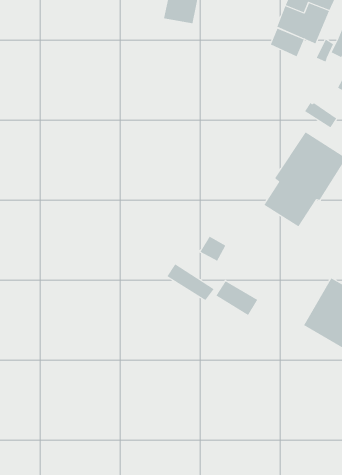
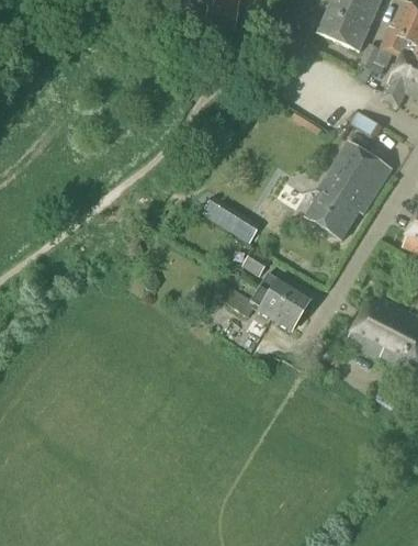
building: [270,28,305,57] -> none
building: none -> [200,196,259,243]
building: none -> [266,277,309,314]

